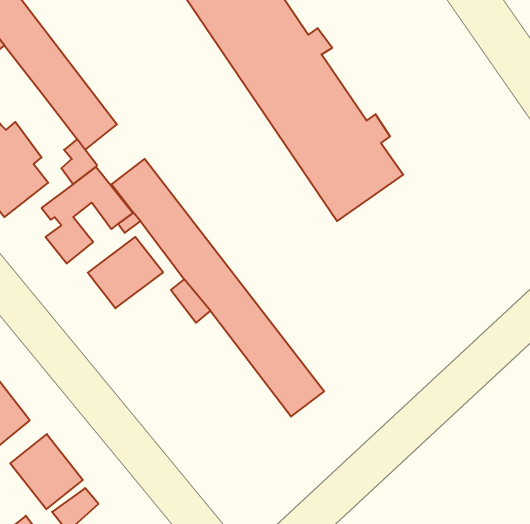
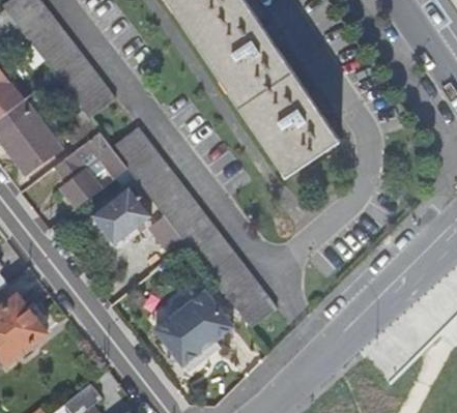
building: none -> [154,291,232,364]
building: [10,434,83,509] -> none

